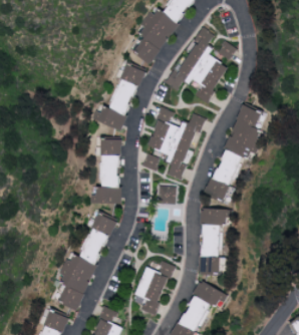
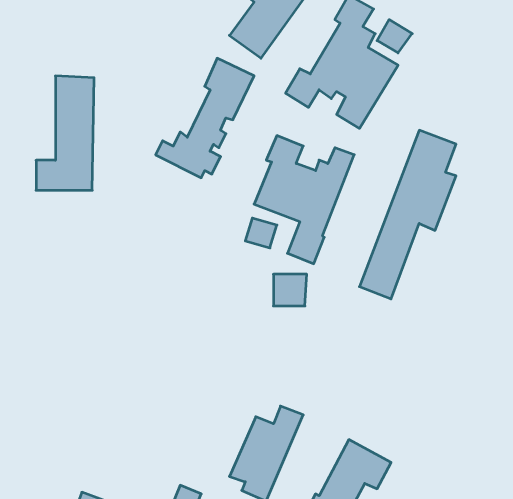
building: [89,139,122,205] -> [36,76,94,190]
building: [200,209,228,275] -> none
building: [59,214,115,309] -> none

